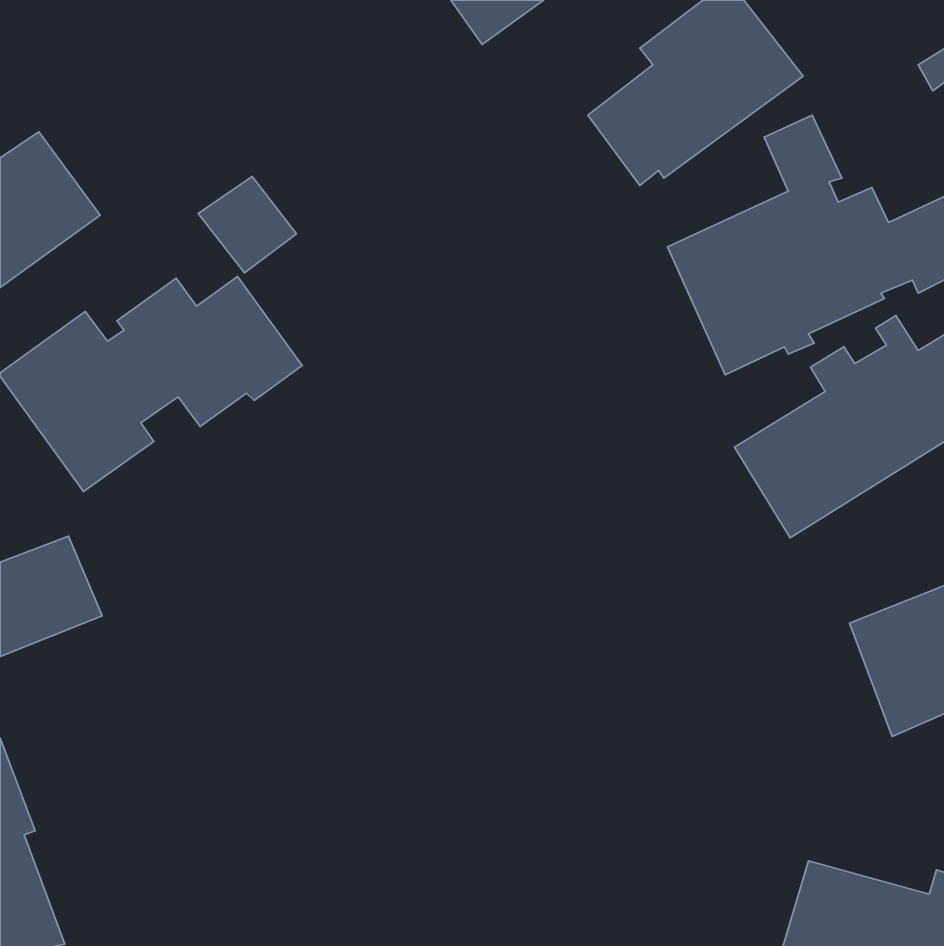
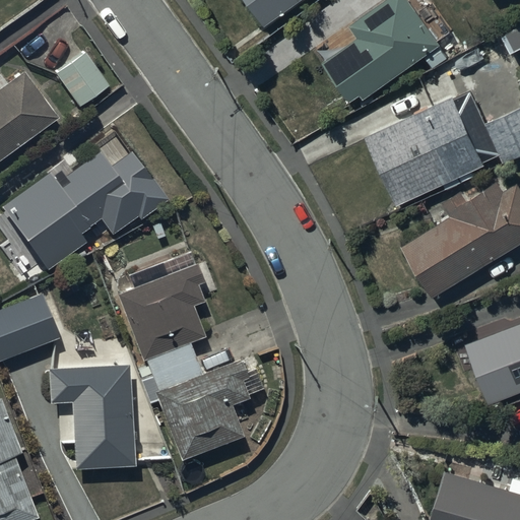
building: [198,176,297,273] -> [55,54,109,107]
building: none -> [118,253,262,461]
building: none -> [48,366,133,469]

